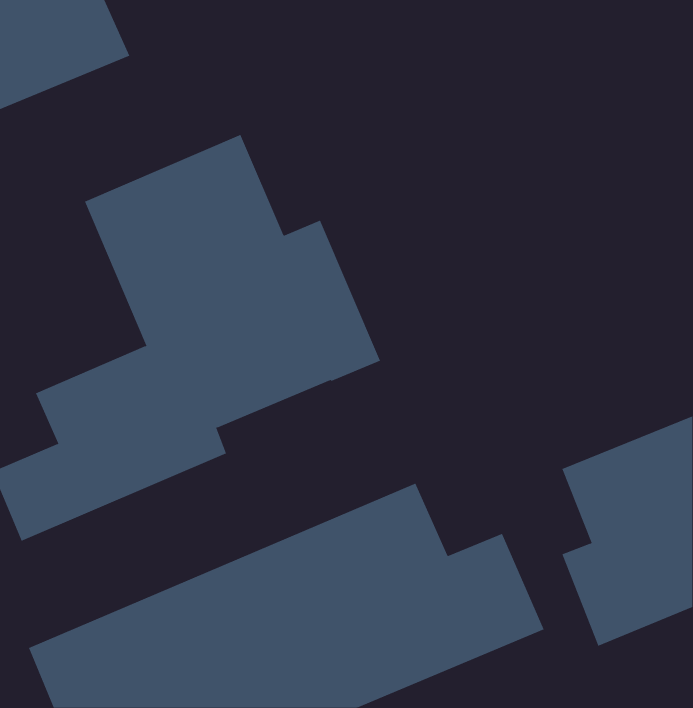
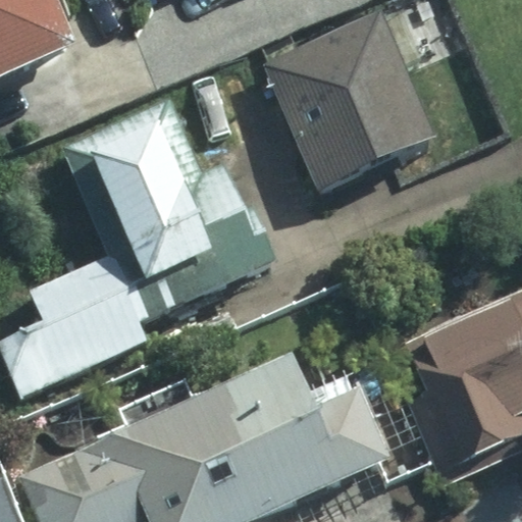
building: none -> [269,9,448,193]

